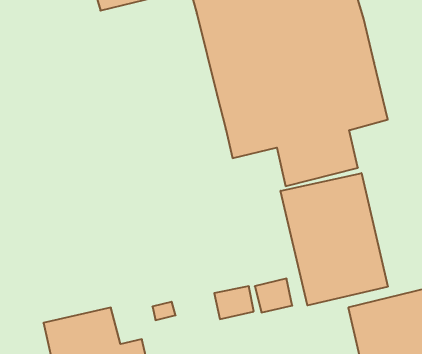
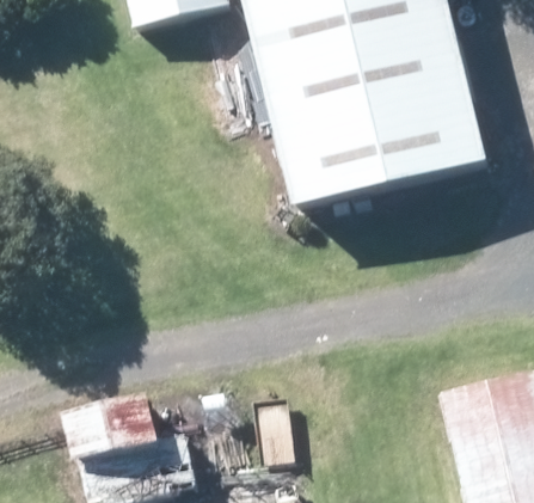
building: [281,173,388,305] -> none

